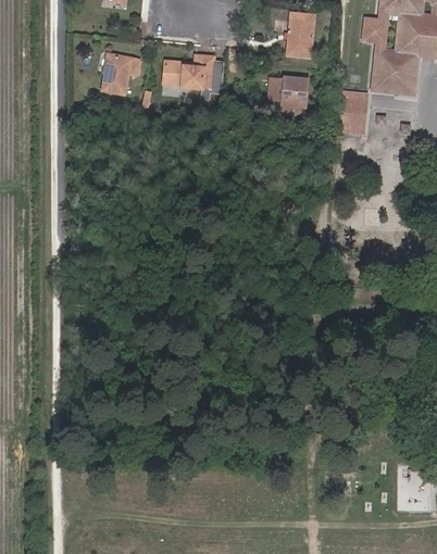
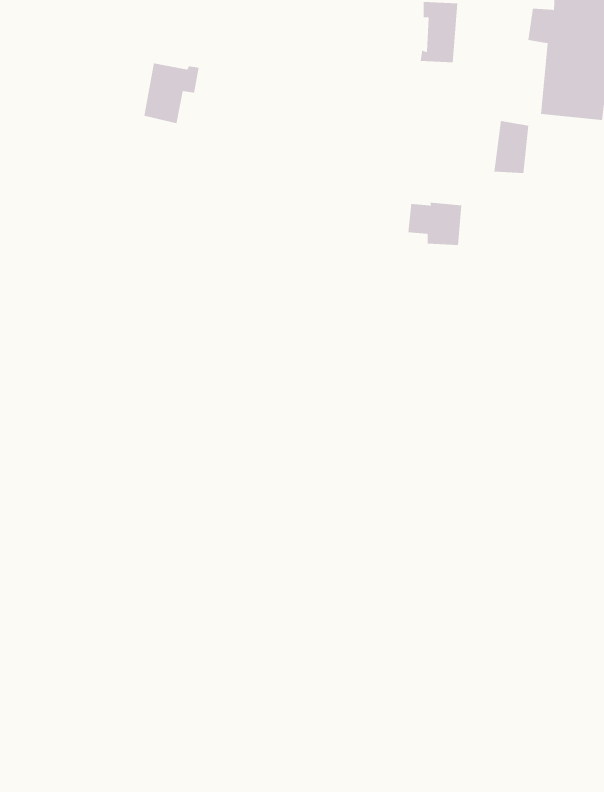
building: [163,58,224,95] -> none
building: [271,80,308,110] -> [407,202,462,245]

